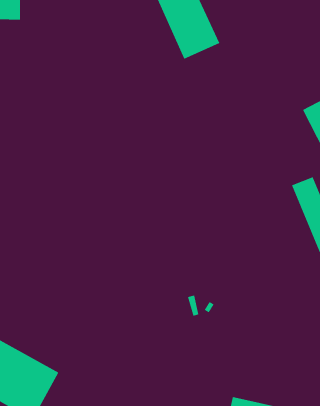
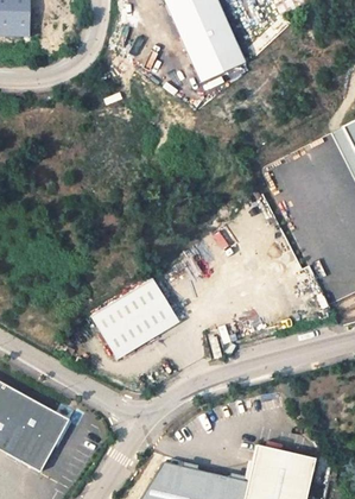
building: none -> [89,278,178,359]

